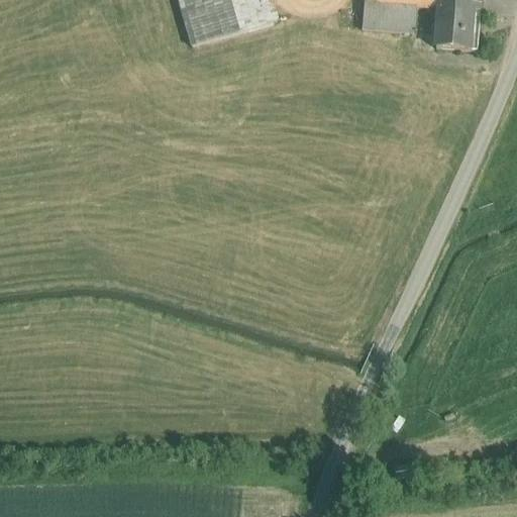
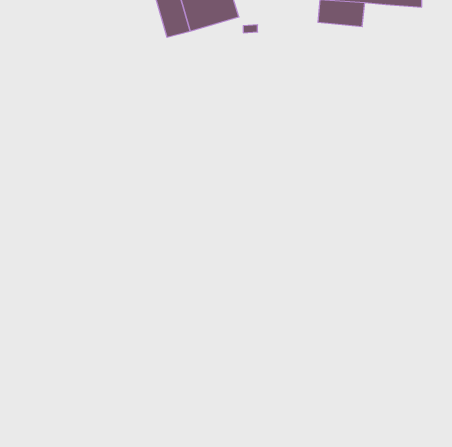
building: [434,5,480,47] -> none

